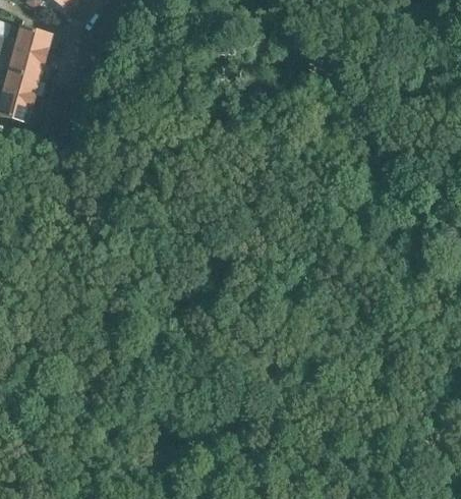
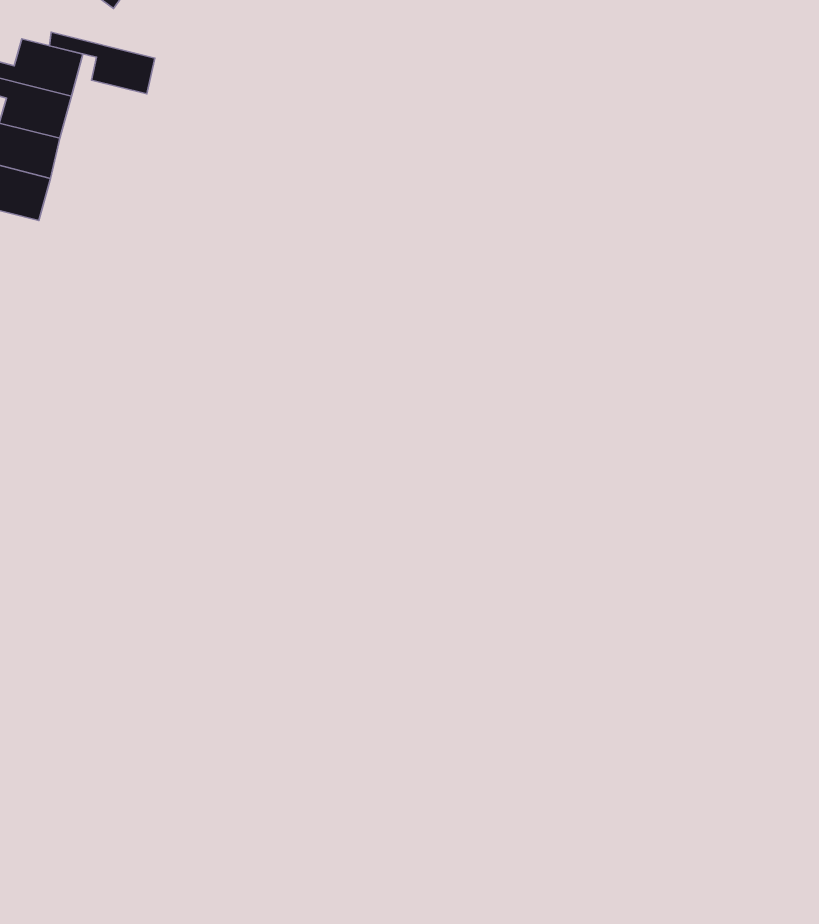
building: none -> [49,32,155,94]

